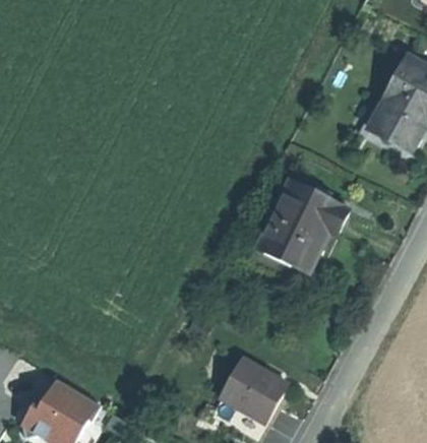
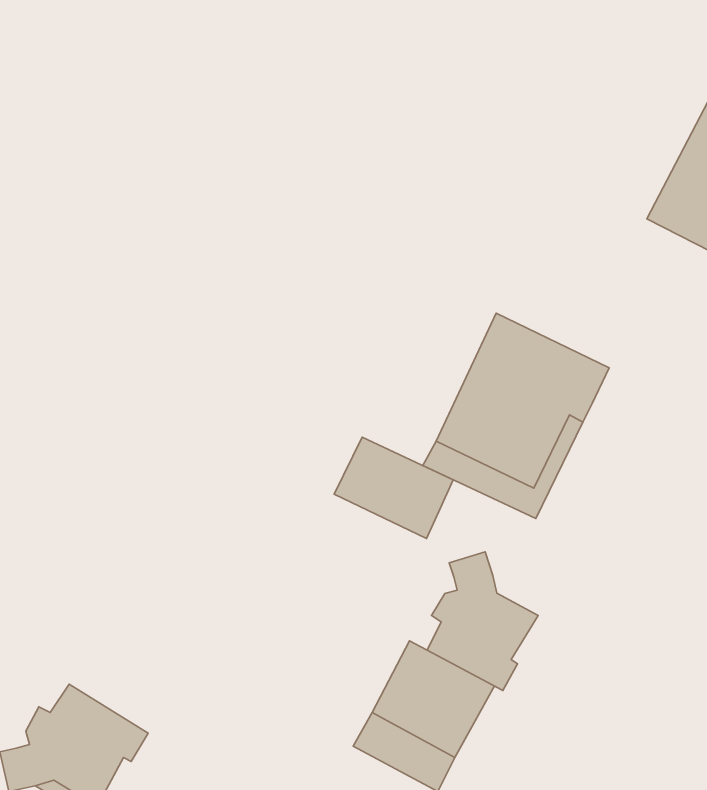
building: none -> [334,437,453,539]
building: none -> [427,552,538,691]

